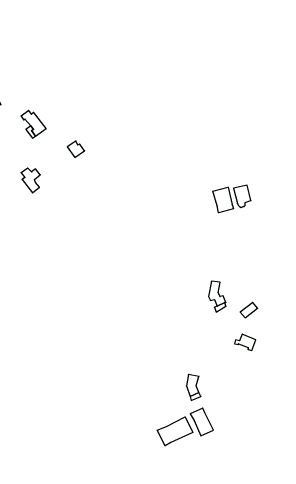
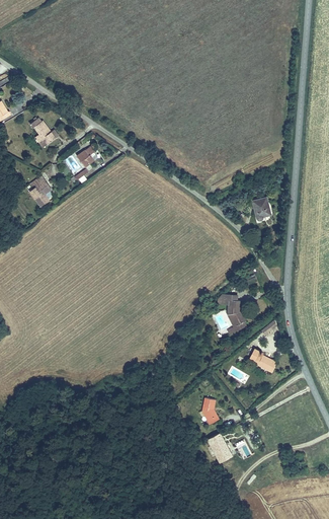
building: [213,187,234,213] -> none
building: [157,417,193,446] -> none

